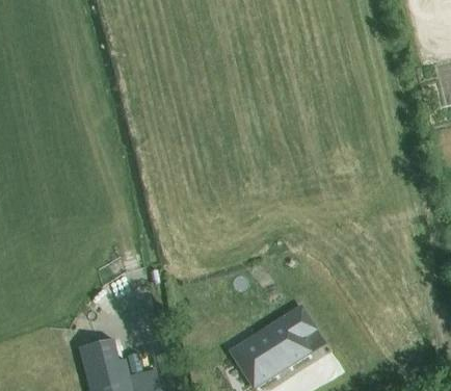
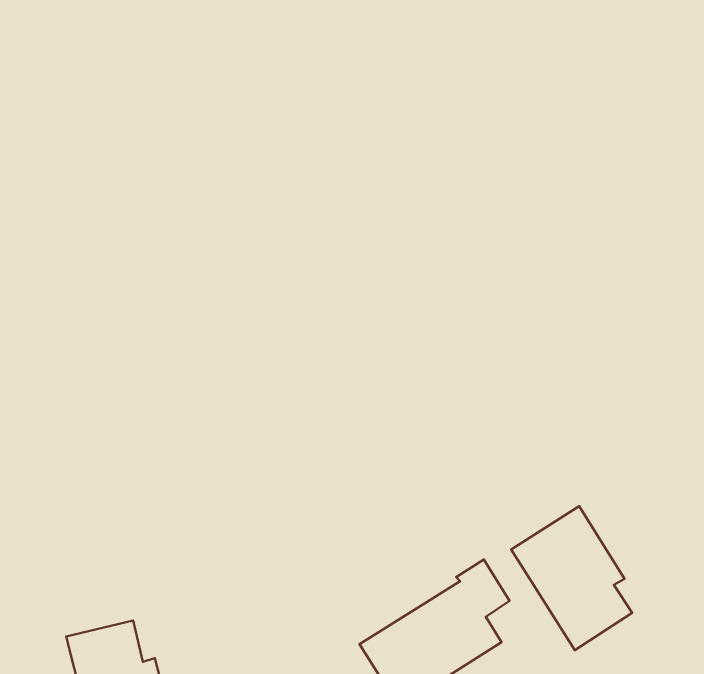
building: none -> [511,506,632,650]

